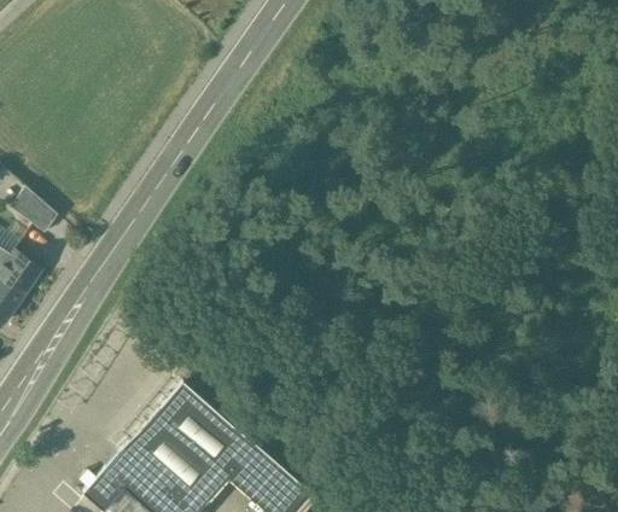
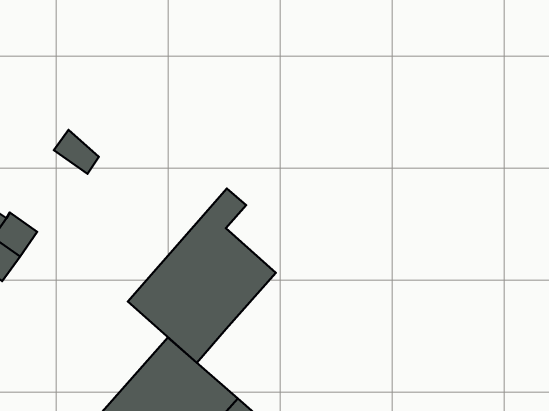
building: [8,186,57,233] -> [54,130,99,174]
building: none -> [128,188,276,363]

